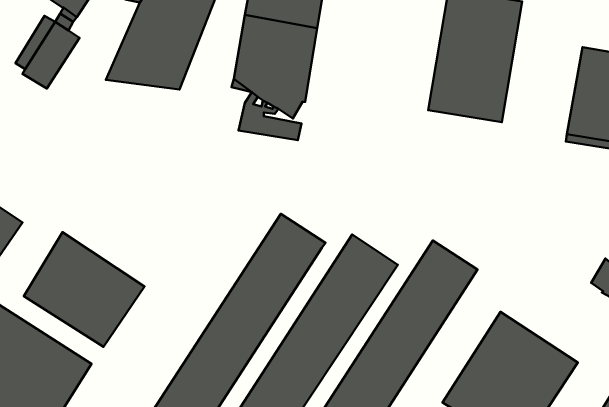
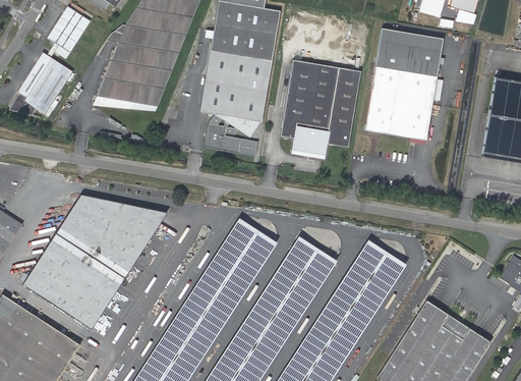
building: none -> [280,59,360,158]
building: none -> [56,193,167,278]

